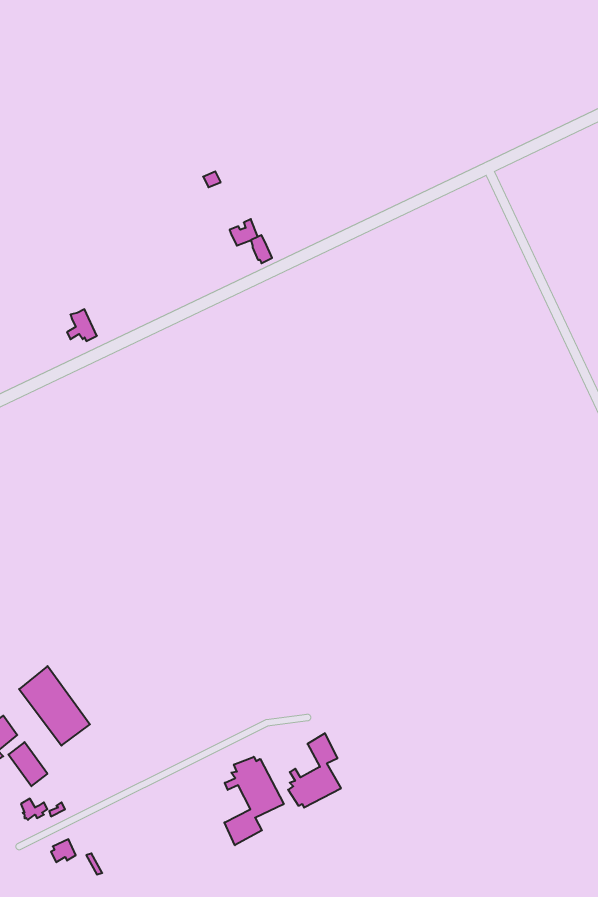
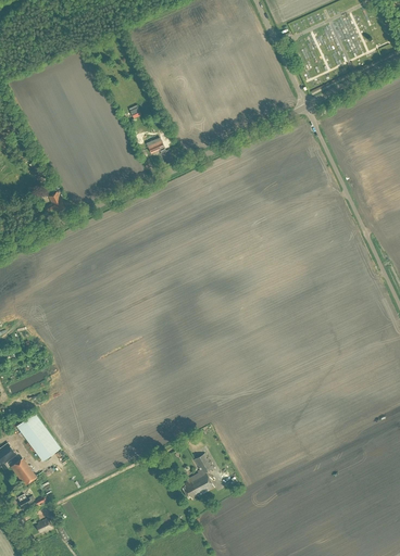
building: [224,757,284,845] -> none

